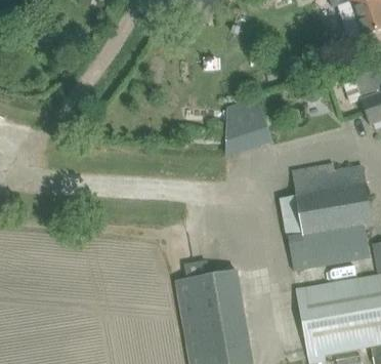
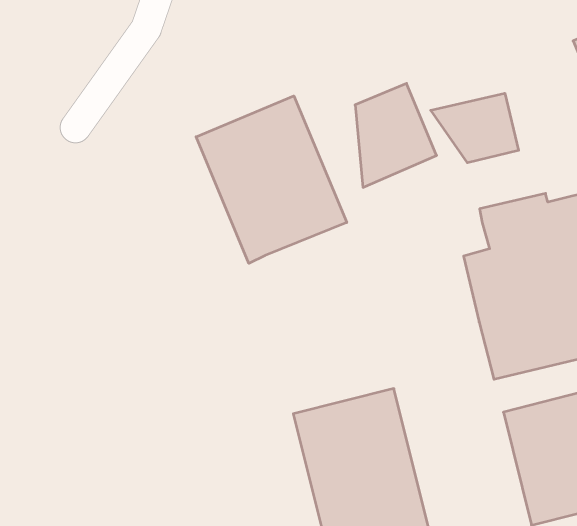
building: none -> [196,96,347,263]
building: none -> [431,93,519,163]

